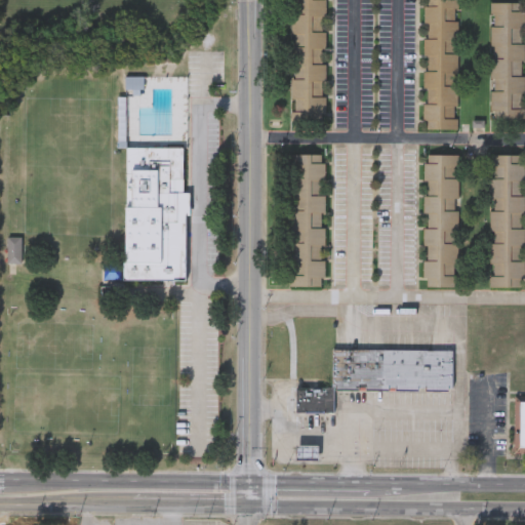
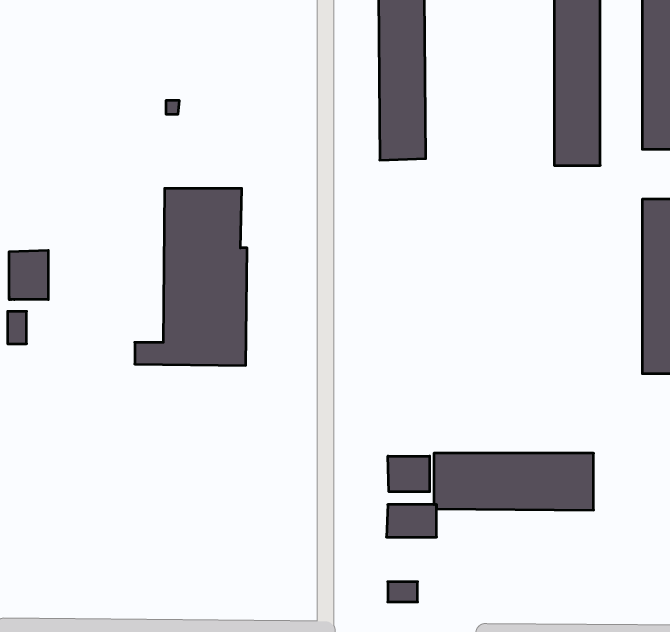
building: [290,153,325,286] -> none
building: [423,154,459,287] -> none
building: none -> [9,250,48,300]
building: none -> [388,456,430,492]

